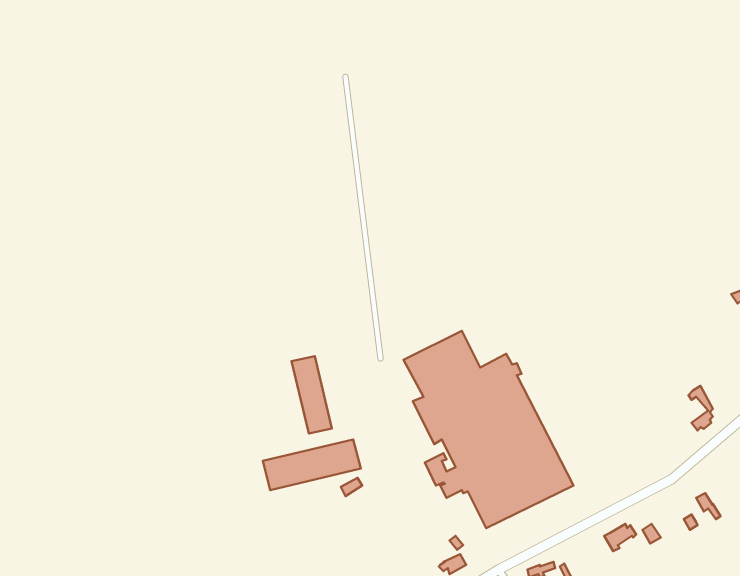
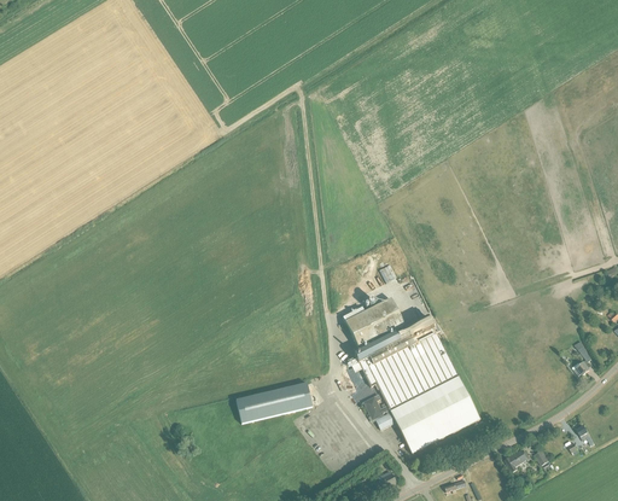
building: [292,356,332,433] -> none

